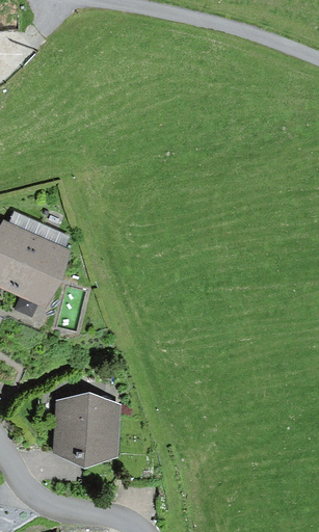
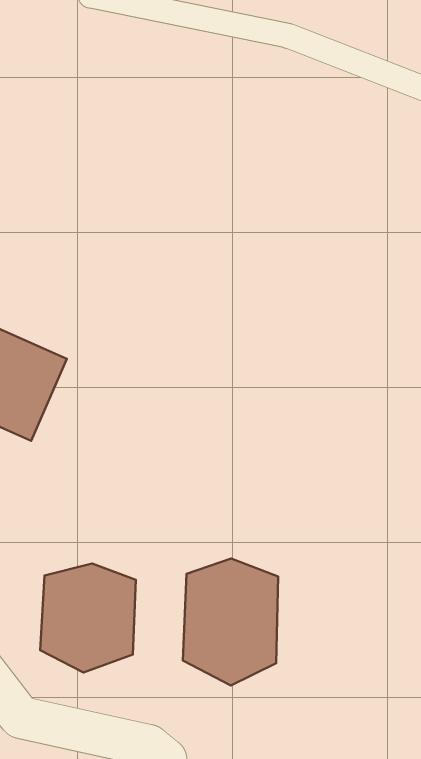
building: none -> [183,559,278,685]

